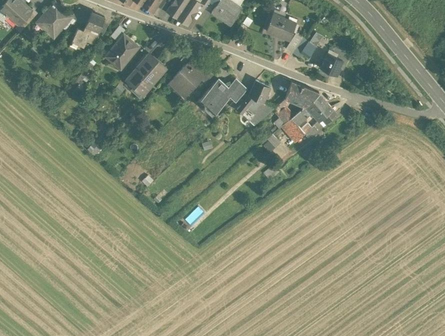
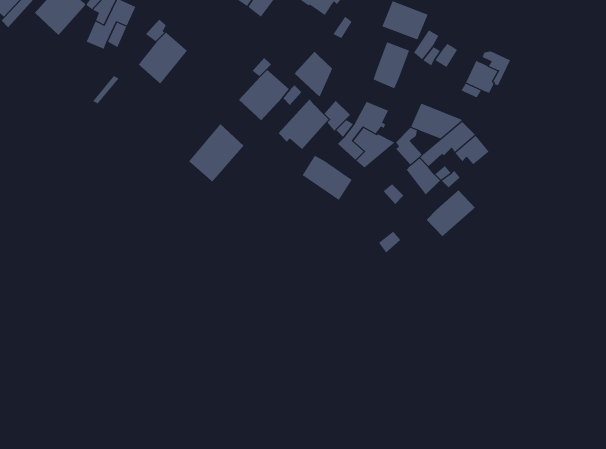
building: none -> [373,41,410,89]
building: none -> [294,51,333,97]
building: [128,55,165,94] -> [188,123,244,183]
building: none -> [302,154,352,201]
building: none -> [425,190,476,237]

